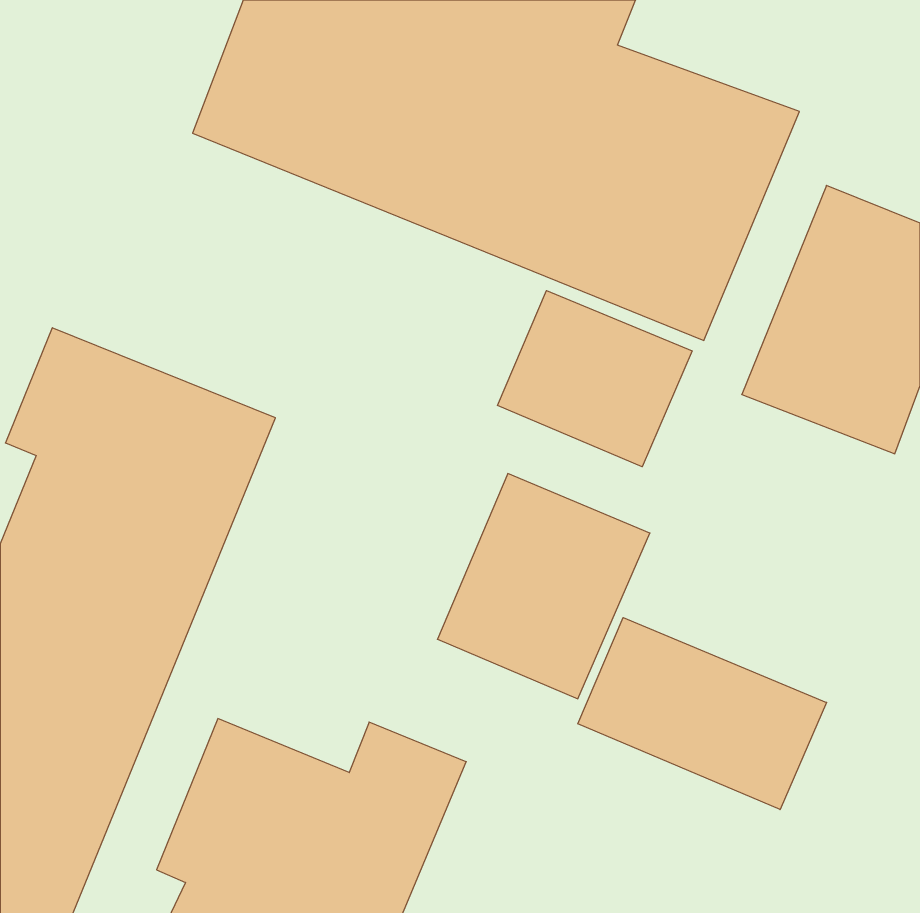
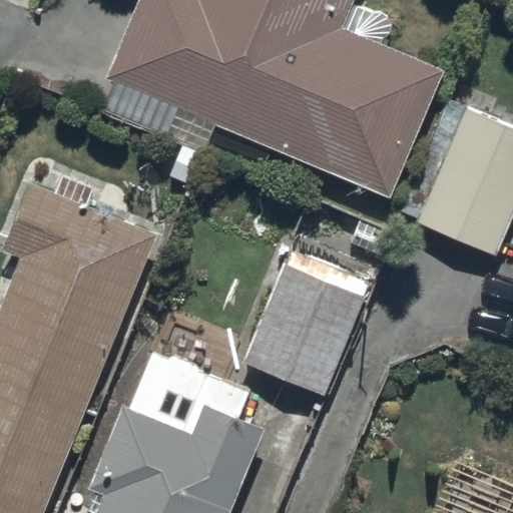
building: [498,291,692,467] -> none
building: [578,618,827,810] -> none

